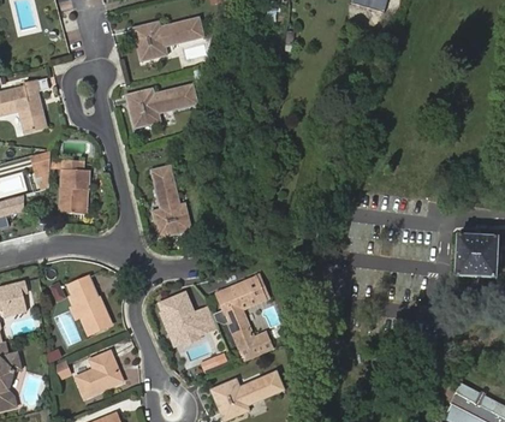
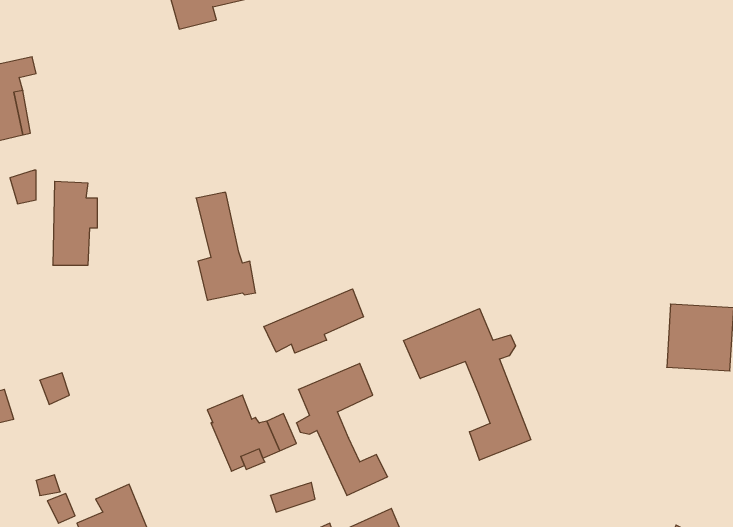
building: [125,84,196,125] -> none
building: none -> [264,289,363,353]
building: none -> [404,309,531,460]
building: [72,277,111,333] -> none

